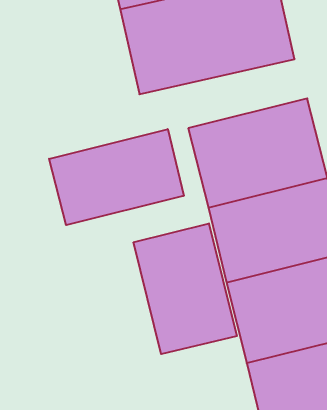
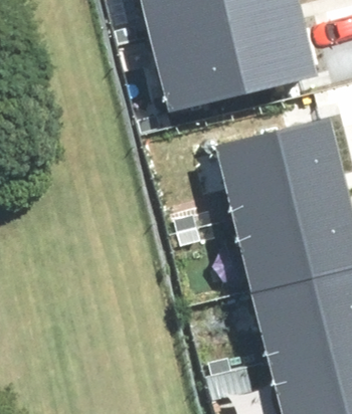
building: [49,129,184,225] -> none
building: [134,223,237,354] -> none

